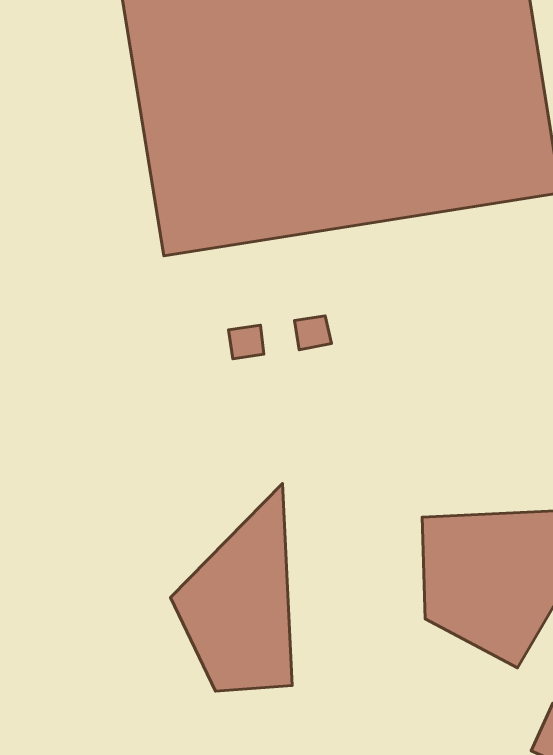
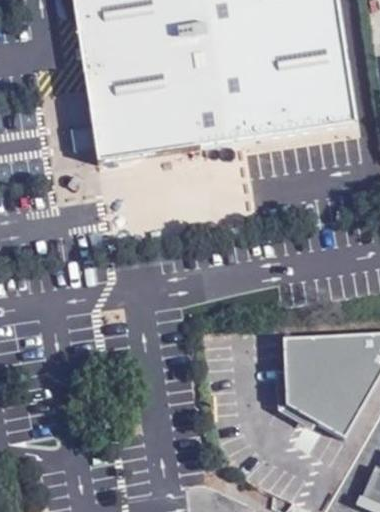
building: [170,483,292,691] -> none

